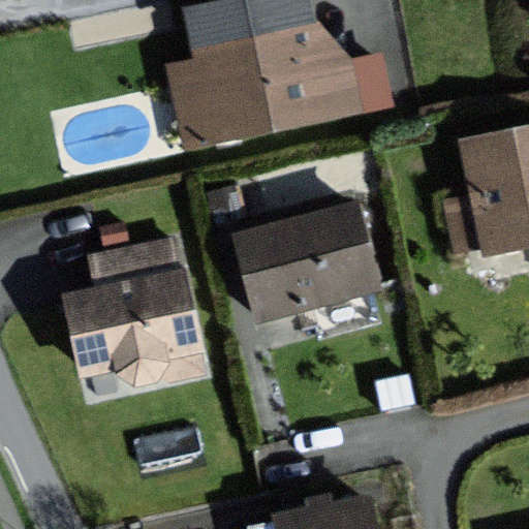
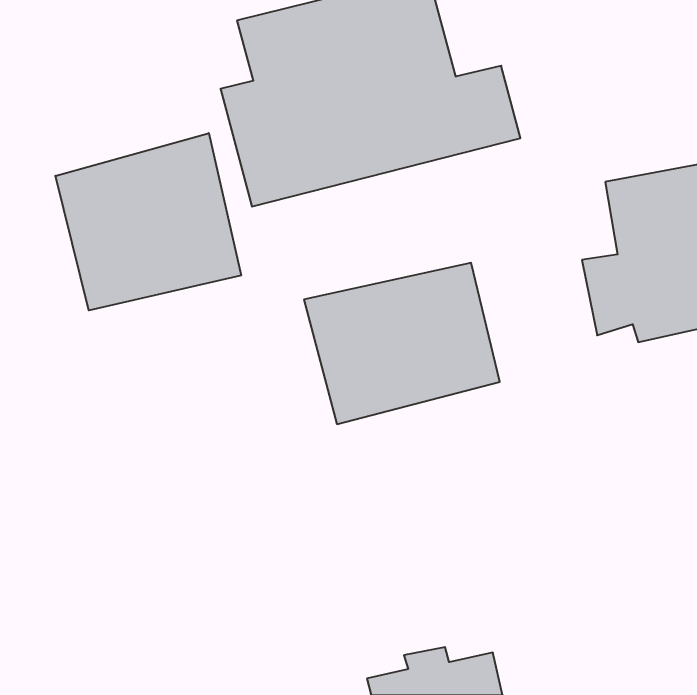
building: none -> [55,133,241,310]
building: [64,237,209,405] -> none

